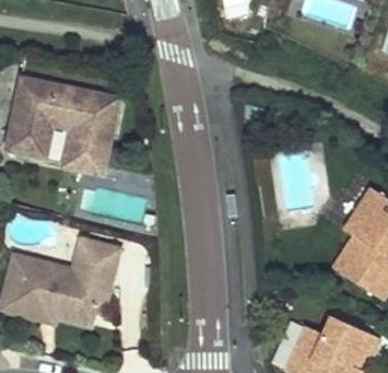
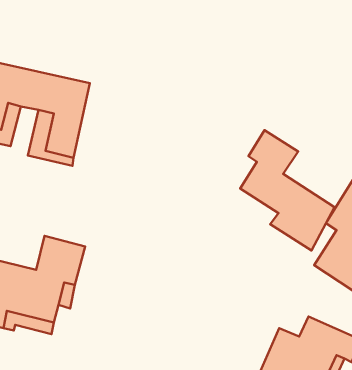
building: none -> [240,130,334,250]

